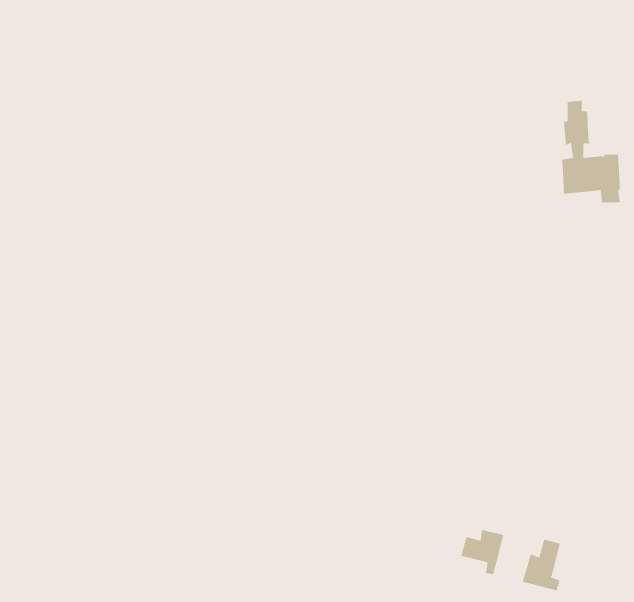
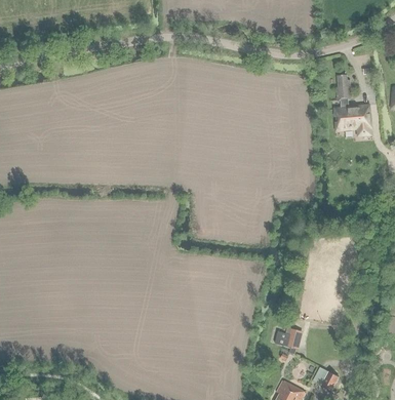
building: [522,539,560,591] -> none

